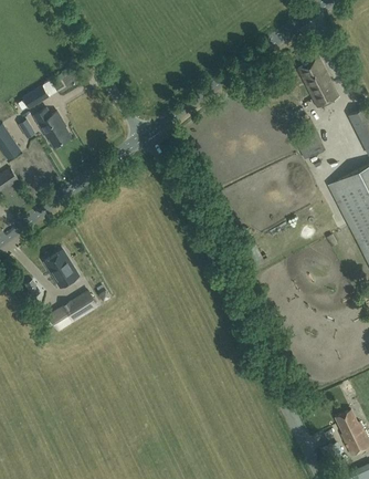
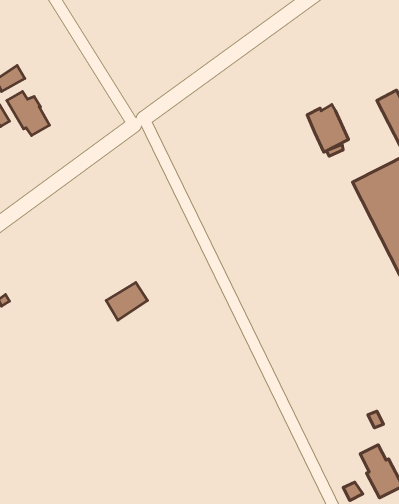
building: [297,58,338,107] -> none
building: [44,250,78,287] -> none
building: [61,289,96,321] -> [106,283,148,320]

